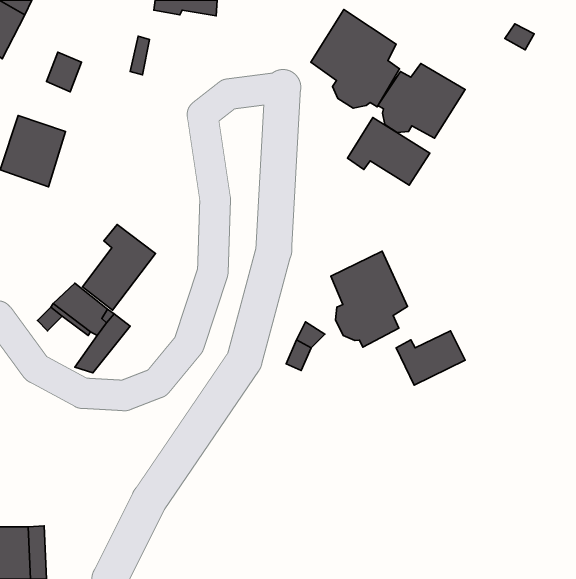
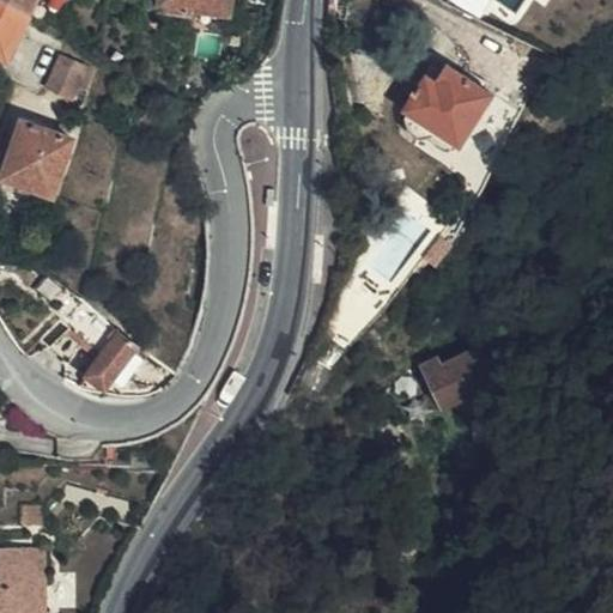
building: [311,9,399,108] -> none
building: [348,117,430,185] -> none
building: [82,225,156,310] -> none
building: [331,251,408,347] -> none

